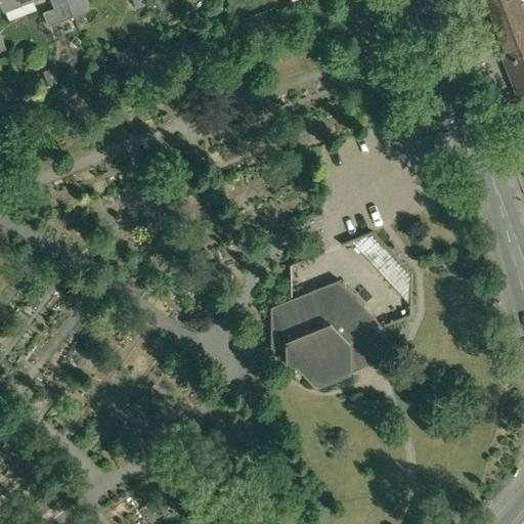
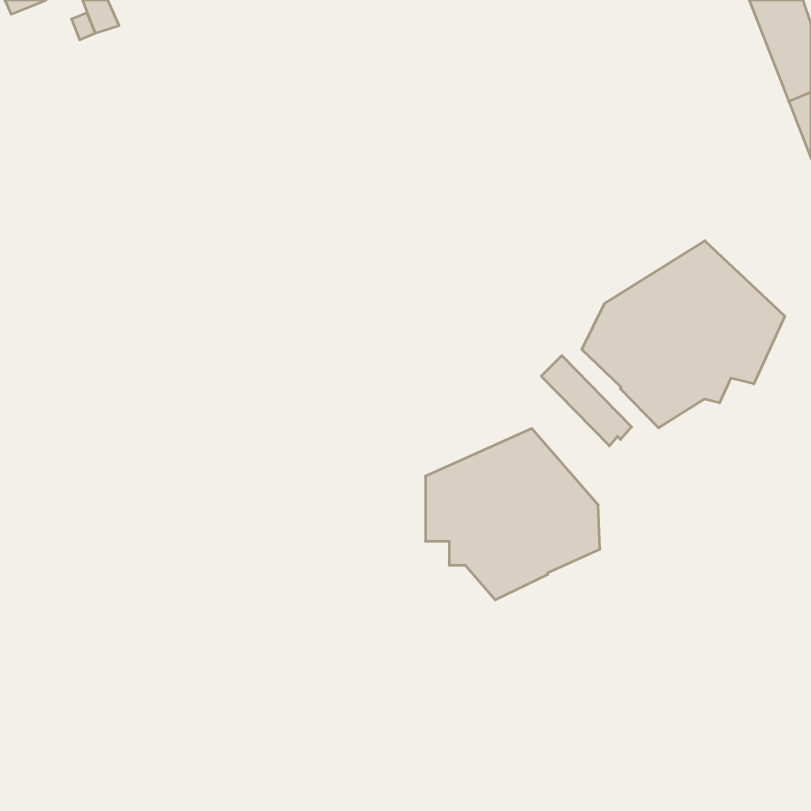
building: none -> [582,241,785,428]

